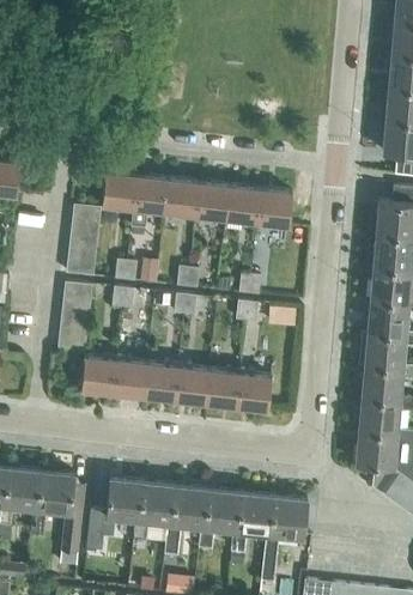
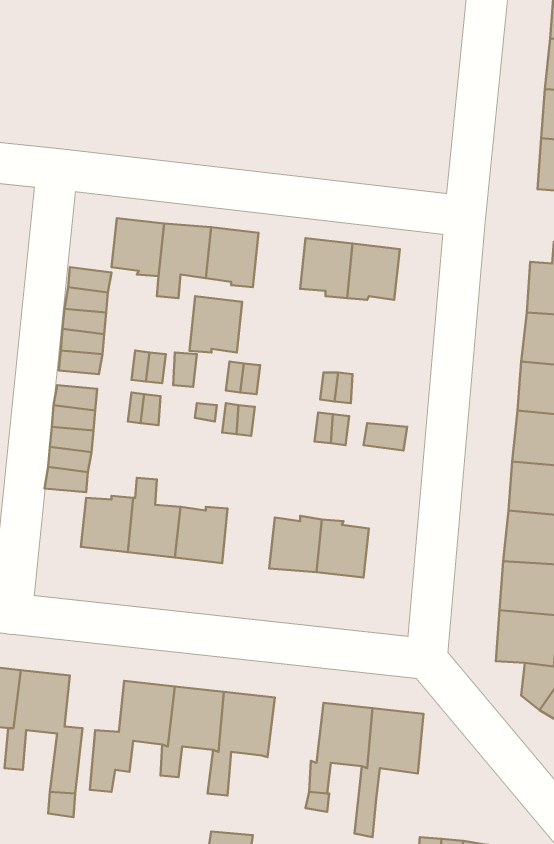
building: [195,182,230,219] -> [190,296,242,353]
building: [175,364,209,403] -> none
building: [199,488,242,548] -> none

